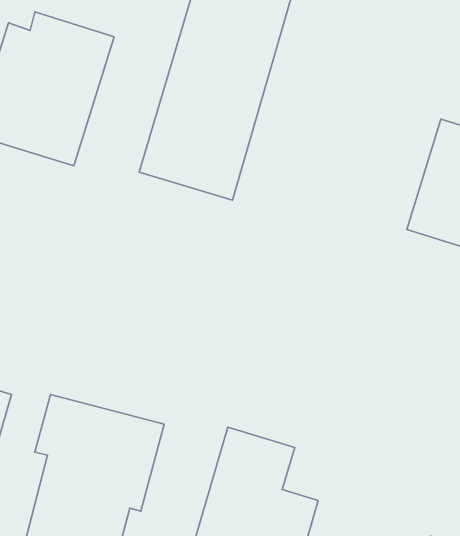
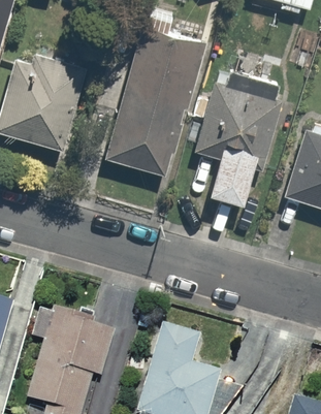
building: none -> [194,70,286,203]

